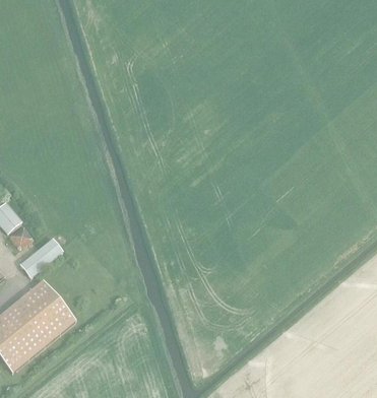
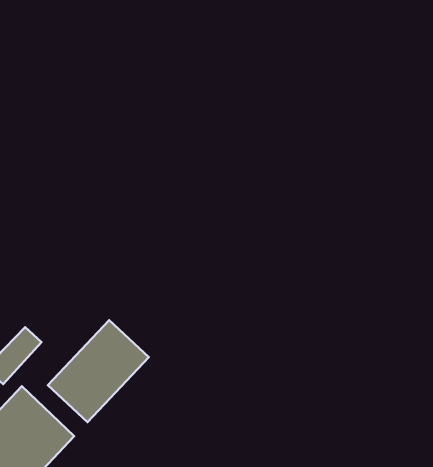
building: none -> [48,320,149,422]

